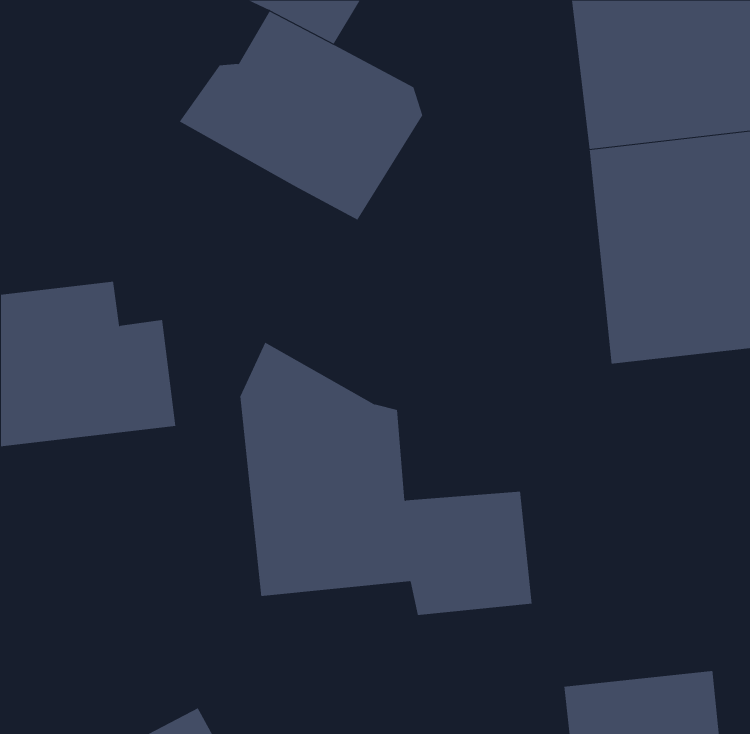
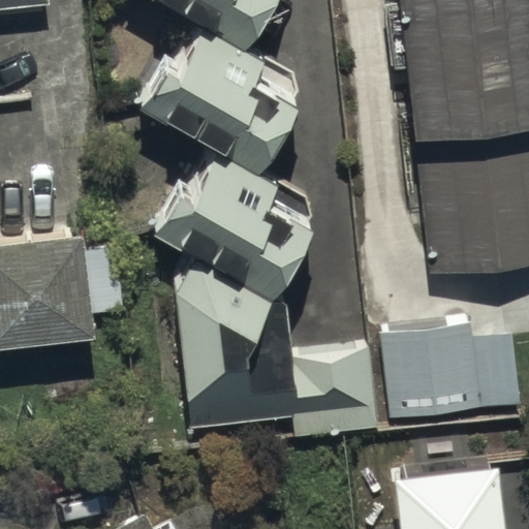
building: none -> [143,146,310,298]
building: none -> [382,323,524,418]

